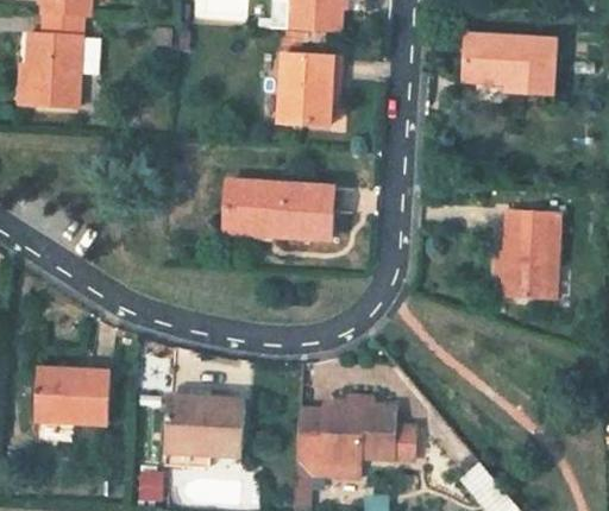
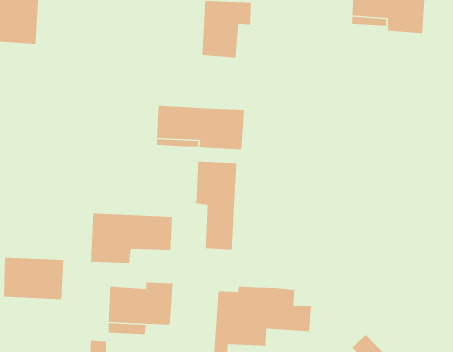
building: [506,214,559,295] -> none
building: none -> [195,161,237,250]
building: none -> [90,213,173,264]

